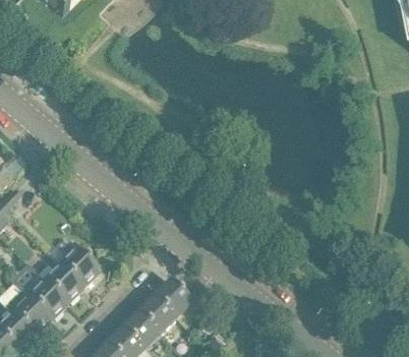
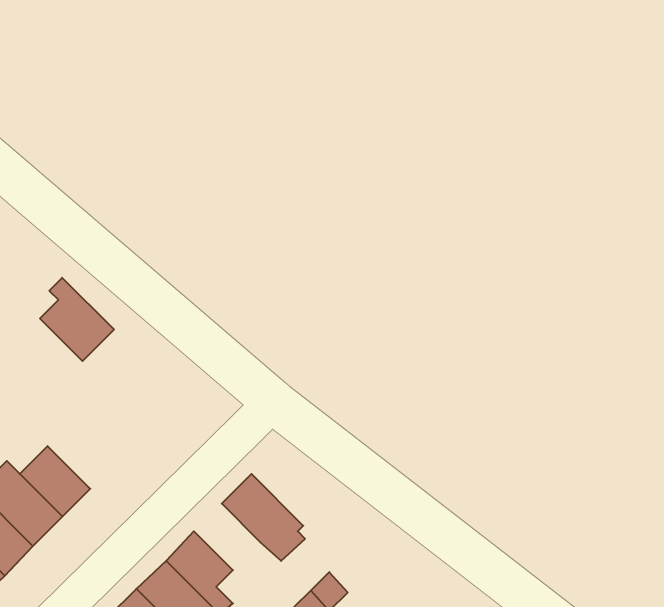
building: [58,237,99,283] -> [40,278,114,361]
building: [138,291,175,328] -> none

